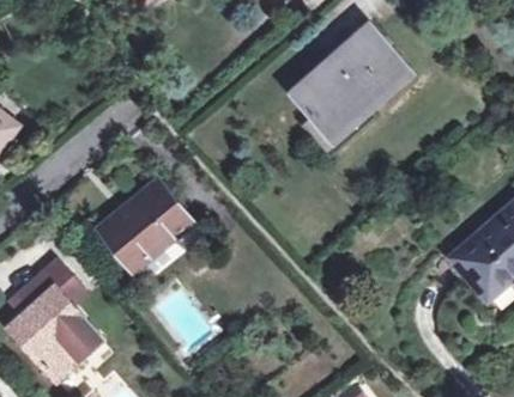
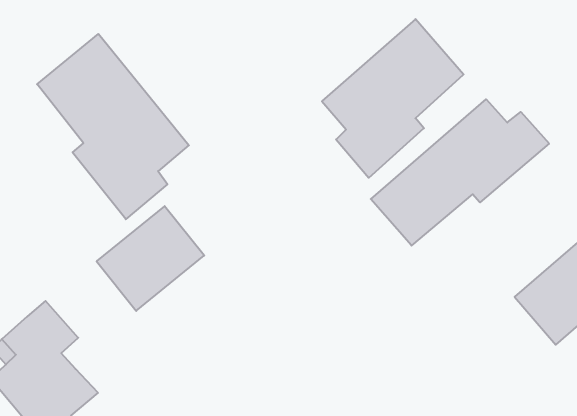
building: none -> [37,34,189,219]
building: none -> [371,99,549,246]

